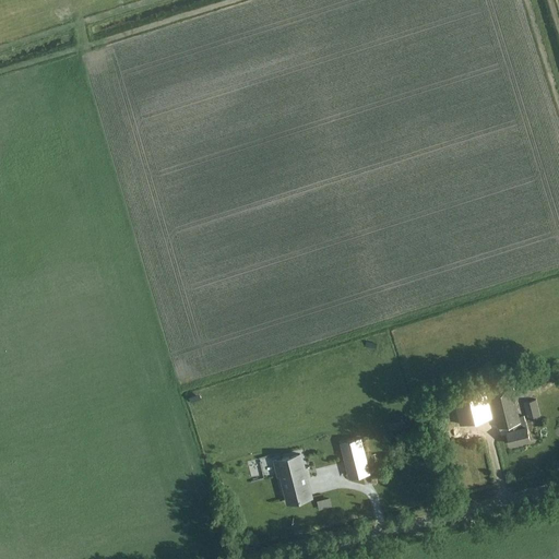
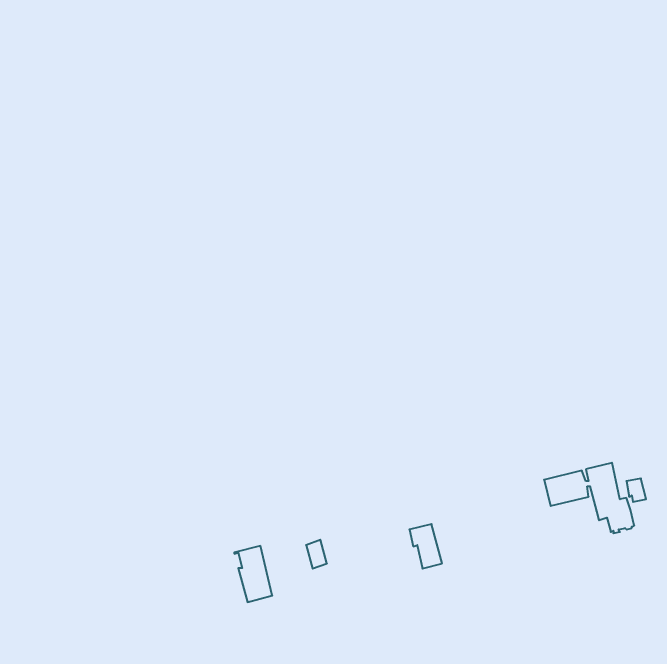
building: [277,457,309,504] -> [234,546,272,602]

